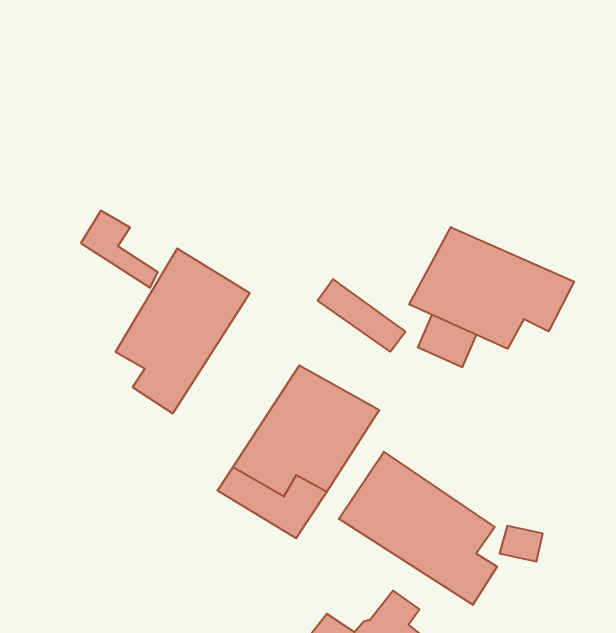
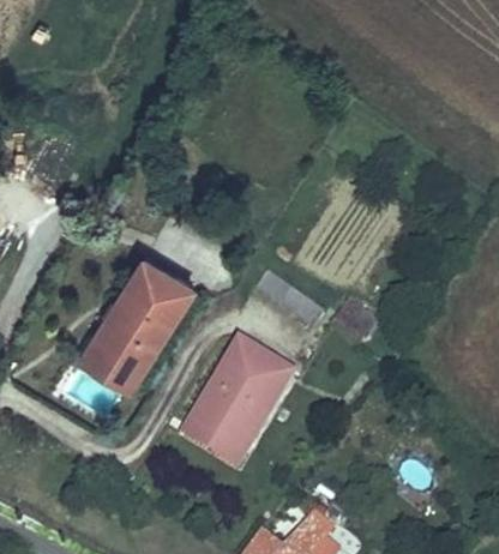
building: [81,211,158,288] -> [80,329,140,389]
building: [409,227,574,349] -> none
building: [339,452,497,605] -> none

